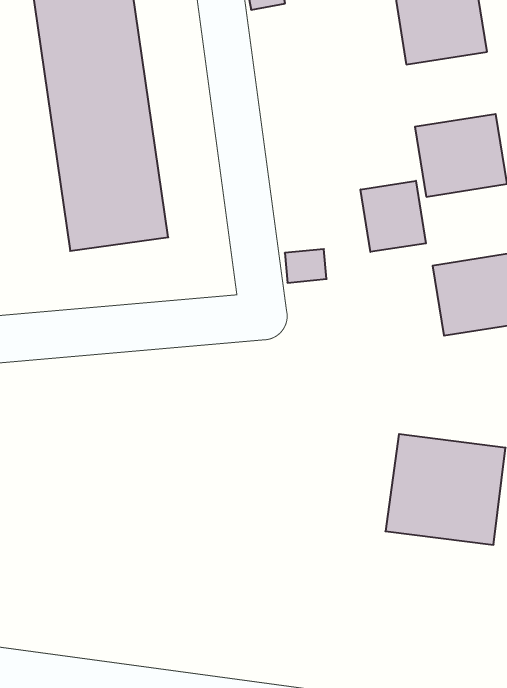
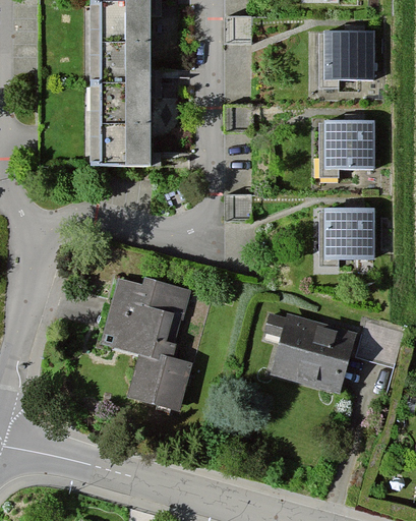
building: [361,181,426,252] -> none
building: none -> [97,275,191,409]

